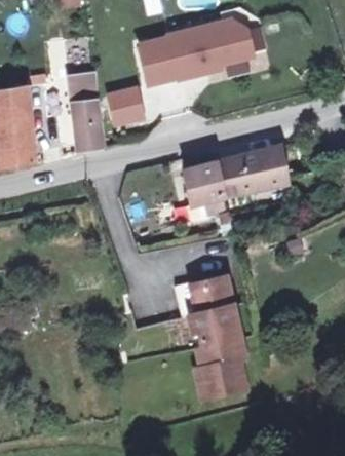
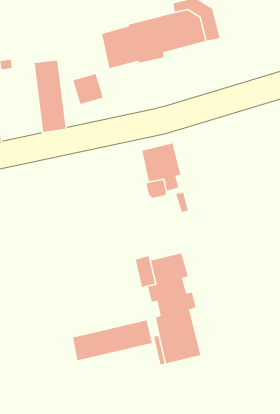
building: [217,147,286,197] -> none
building: none -> [72,320,153,361]

